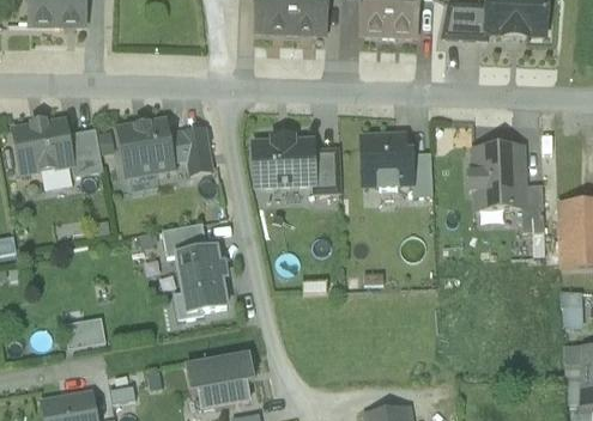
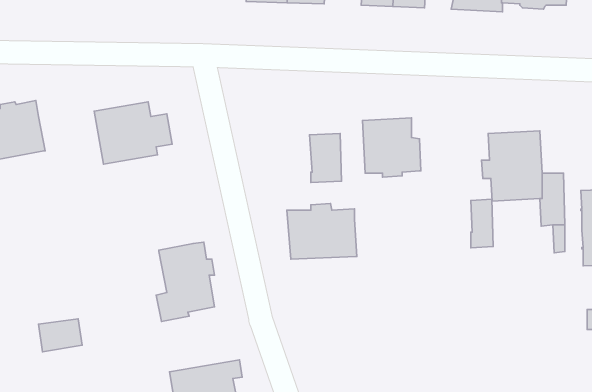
building: [183,128,212,175] -> none
building: [67,129,103,177] -> none
building: [252,136,315,187] -> [287,204,357,259]
building: [412,153,432,197] -> [471,199,493,248]
building: [162,224,207,257] -> none

